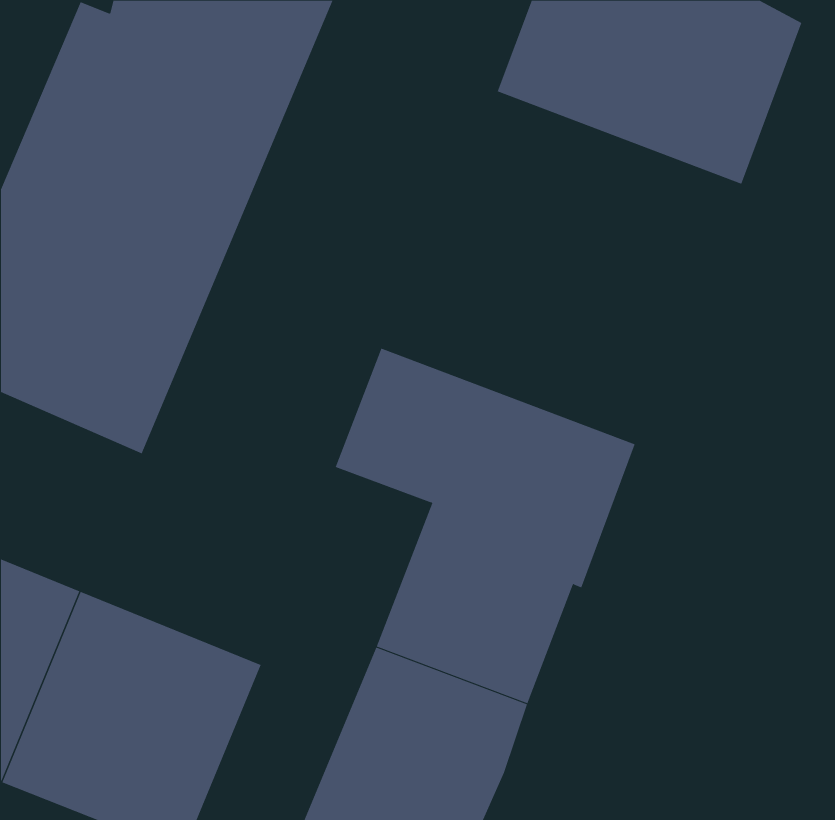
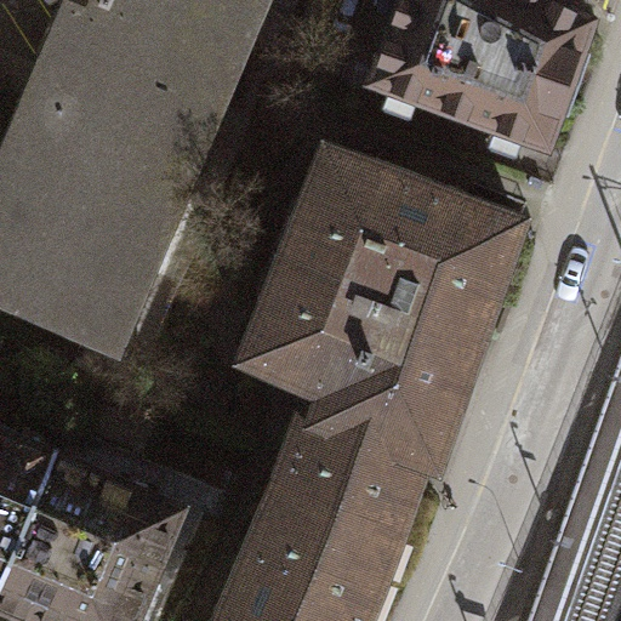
building: none -> [283,150,515,341]

